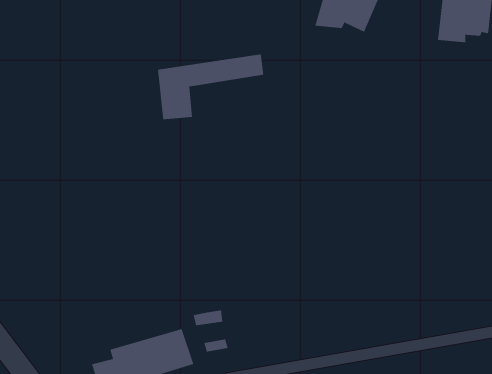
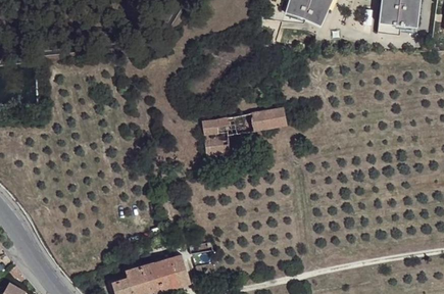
building: [157,54,264,120] -> [203,108,286,159]

